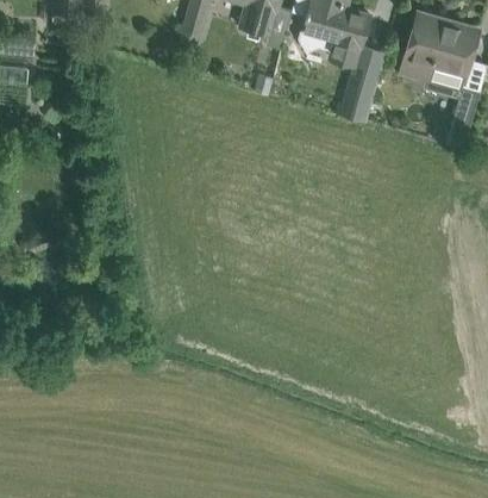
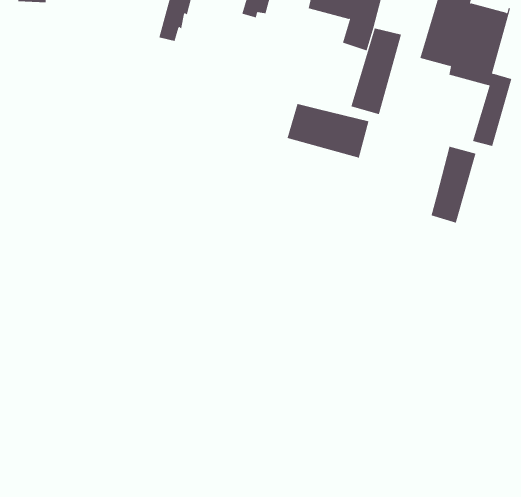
building: none -> [287,103,369,159]
building: none -> [431,146,476,224]

